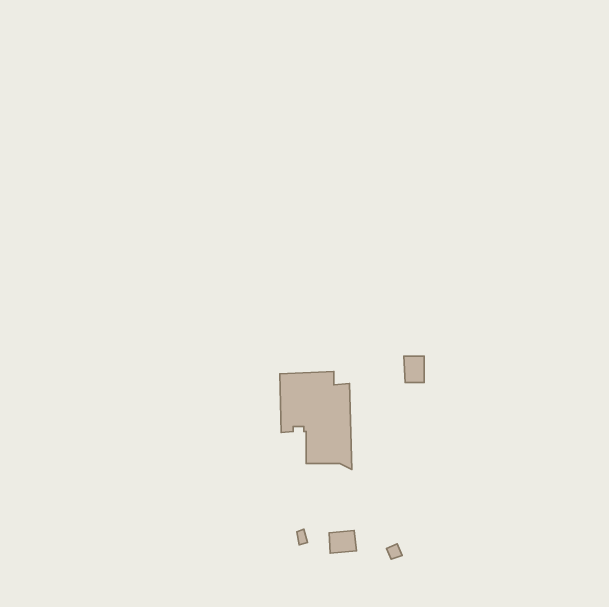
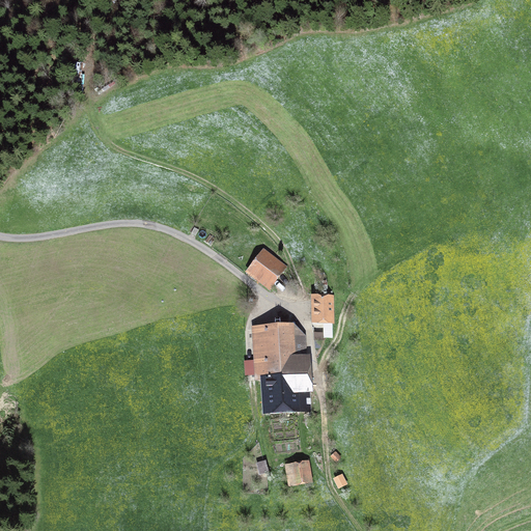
building: none -> [251,252,283,283]
building: [404,356,424,382] -> [315,296,333,318]

